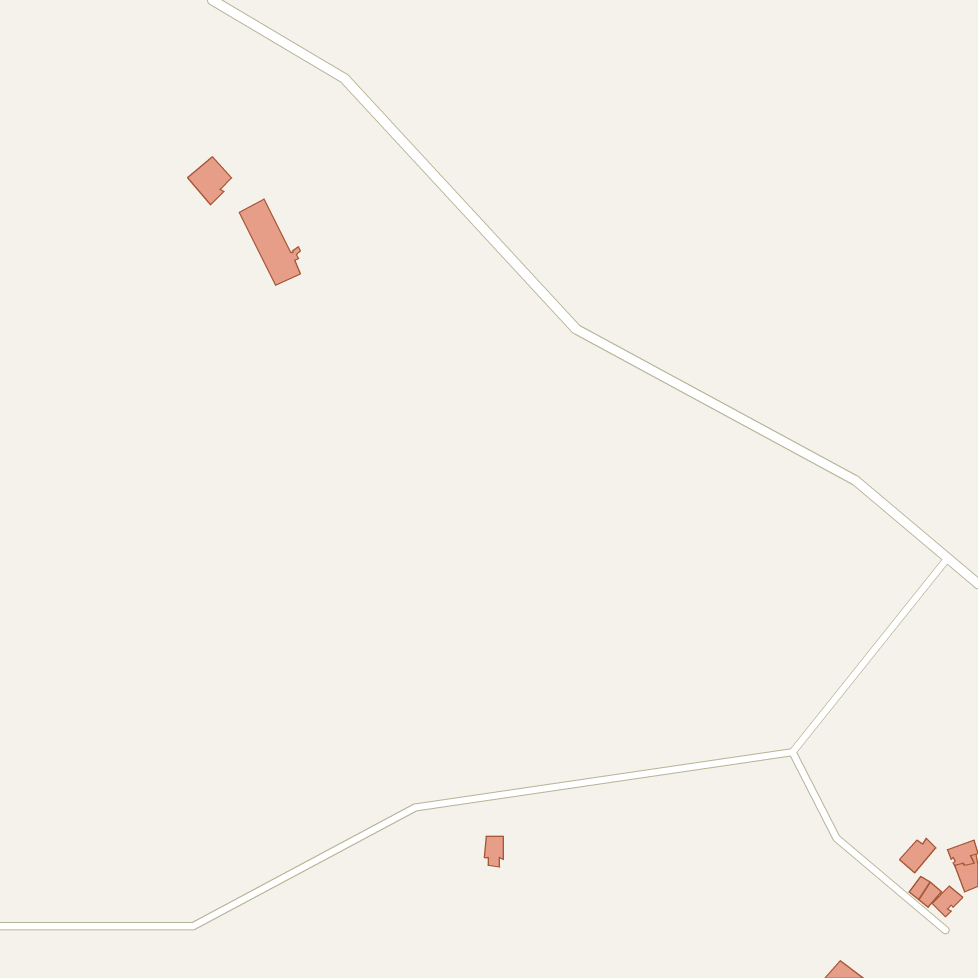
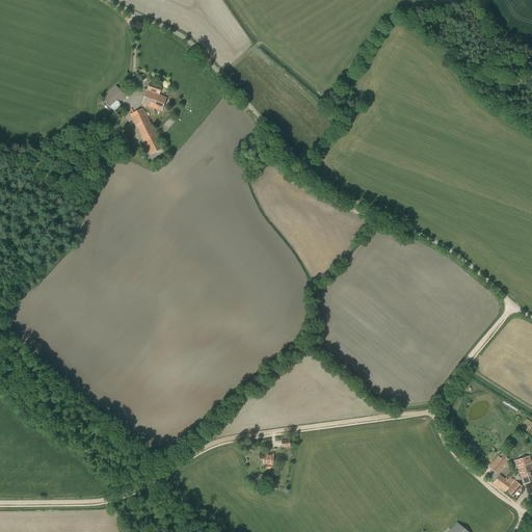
building: none -> [142,83,166,111]

